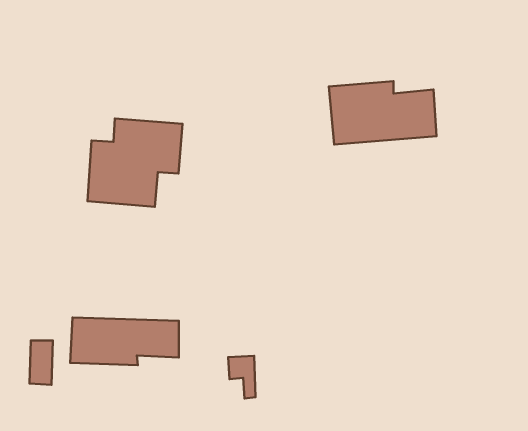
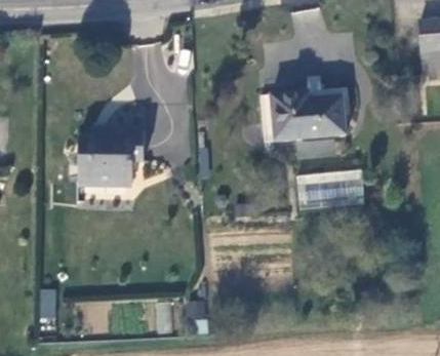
building: none -> [296,169,360,215]
building: [70,317,179,365] -> none

